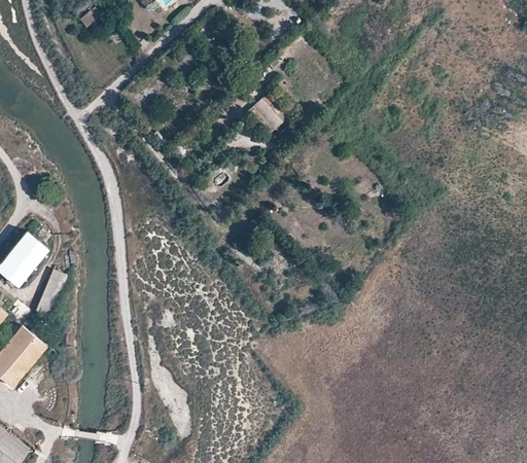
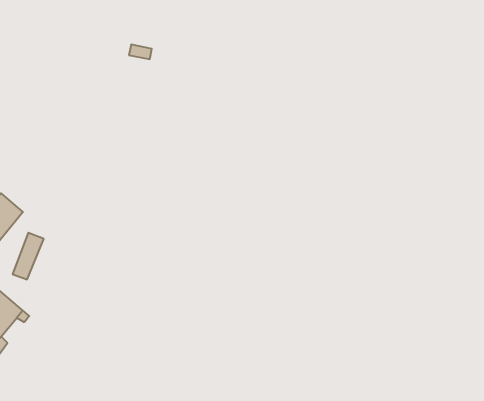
building: [248,96,287,136] -> none

